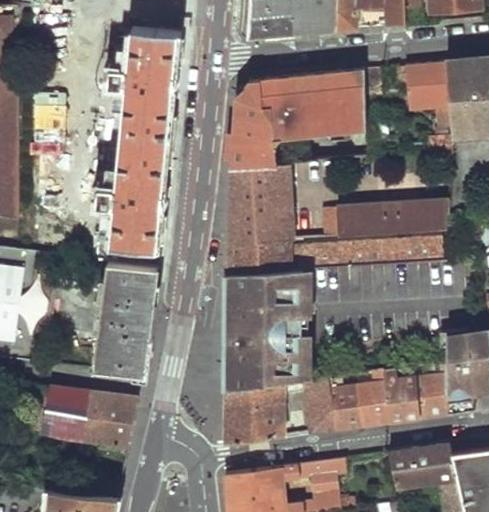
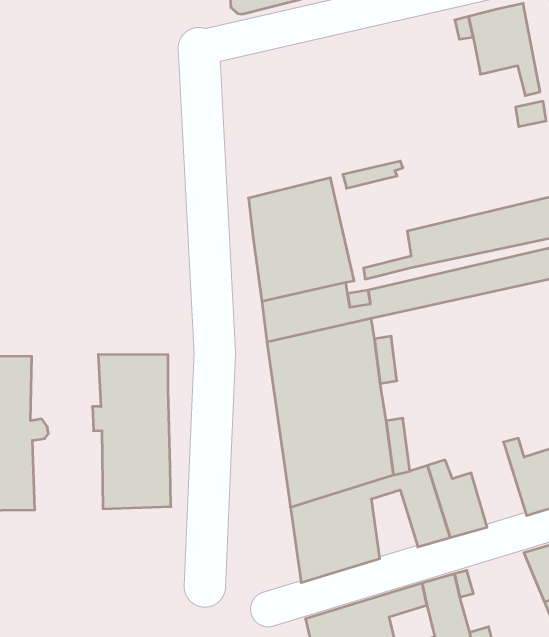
building: [97,31,179,270] -> none
building: [230,70,365,169] -> none
building: [356,369,390,427] -> none
building: [16,387,135,451] -> none

